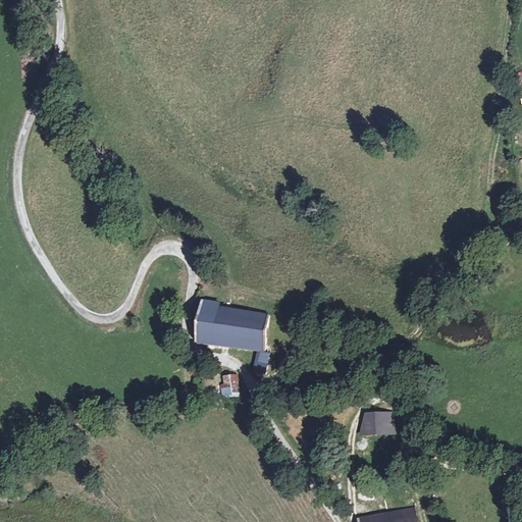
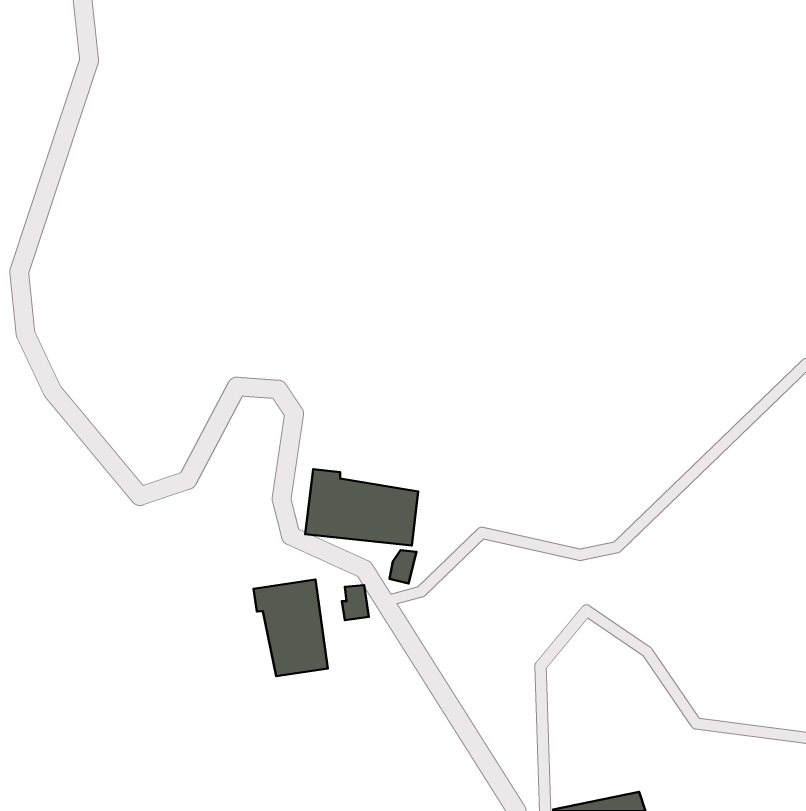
building: none -> [253,579,328,676]
building: [359,413,390,434] -> none

